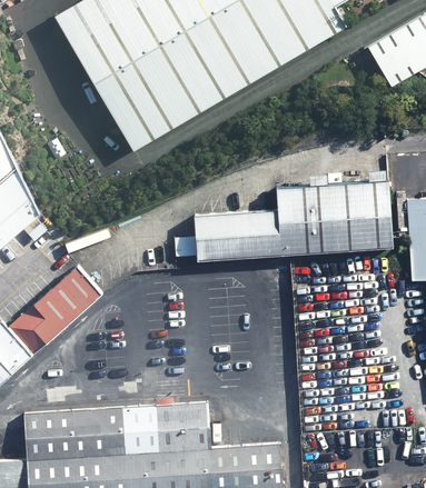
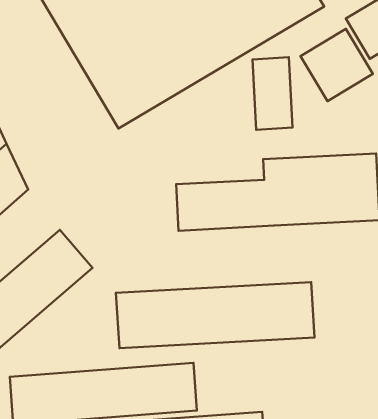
building: none -> [300,29,373,101]
building: none -> [252,57,293,130]
building: none -> [116,282,315,348]

